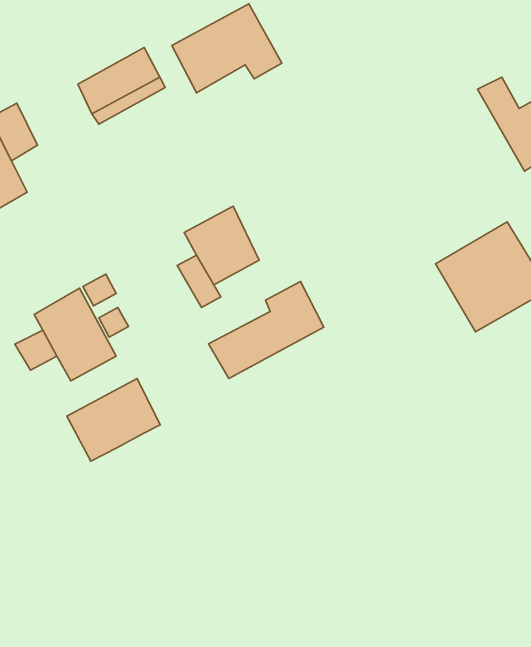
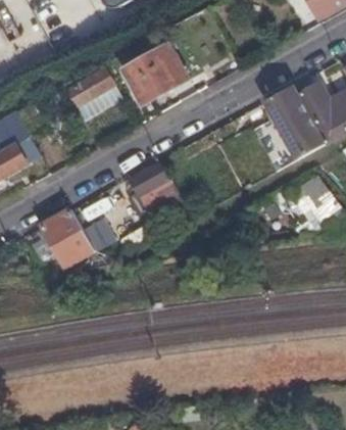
building: none -> [255,87,326,170]
building: [209,282,324,378] -> none
building: [67,378,160,461] -> none

